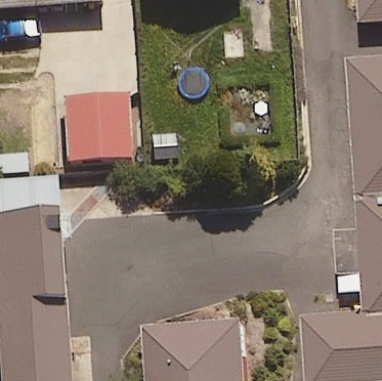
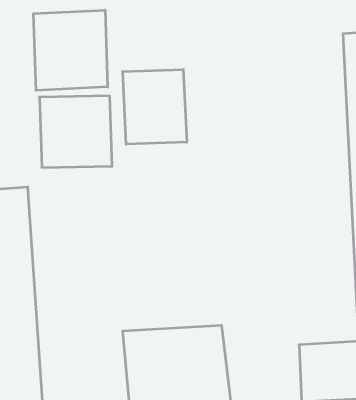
building: none -> [34,10,108,90]
building: none -> [123,69,187,144]

